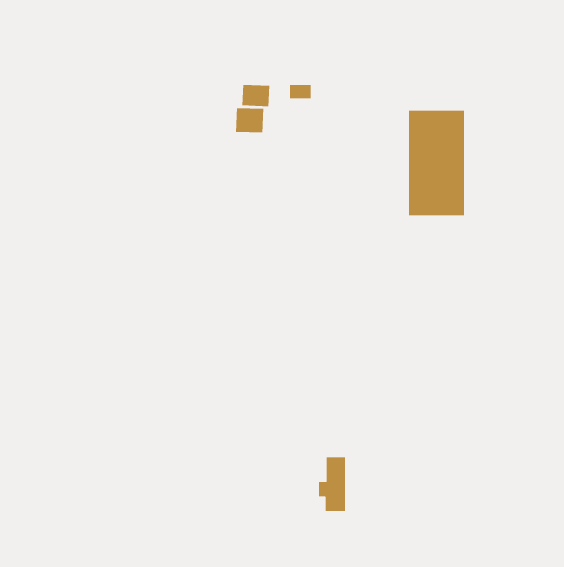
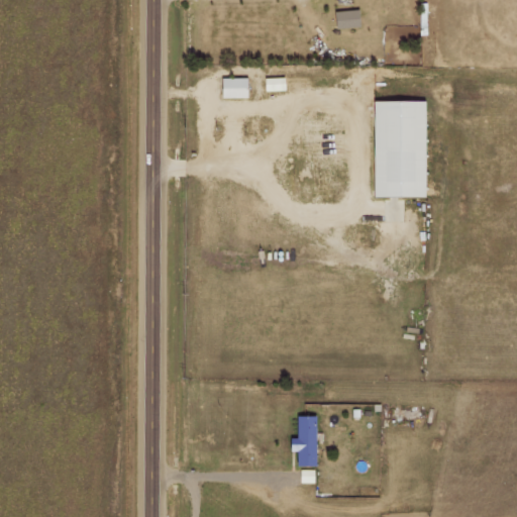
building: none -> [337,10,361,28]
building: [236,107,264,133] -> none

